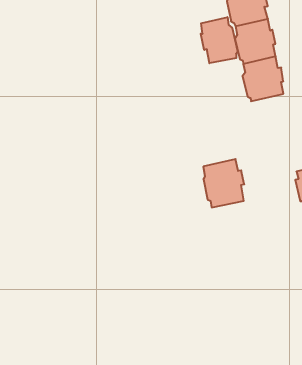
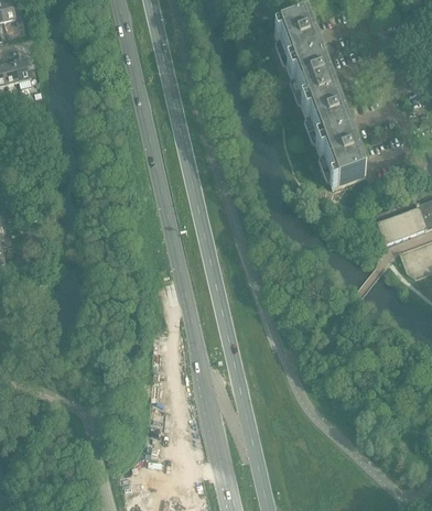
building: [201,17,238,63] -> none
building: [203,159,244,207] -> [317,133,366,188]

